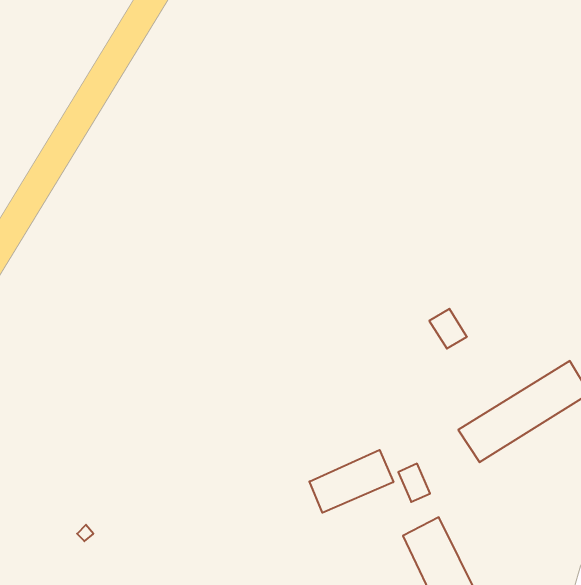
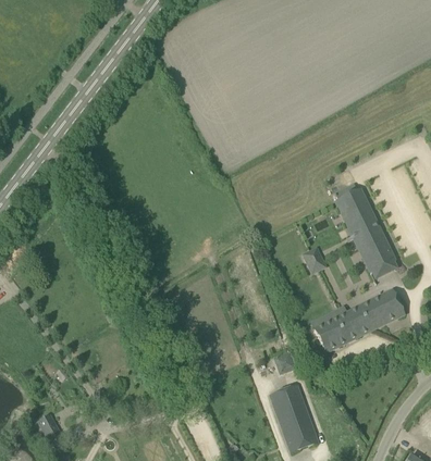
building: none -> [335,184,395,272]
building: [309,450,393,513] -> none

